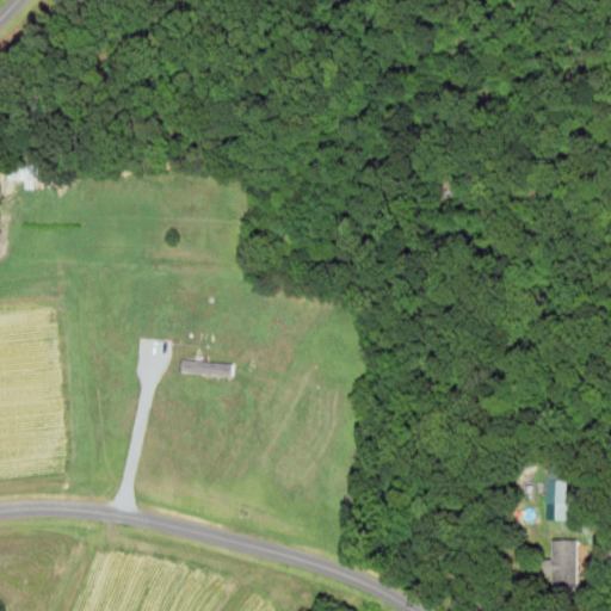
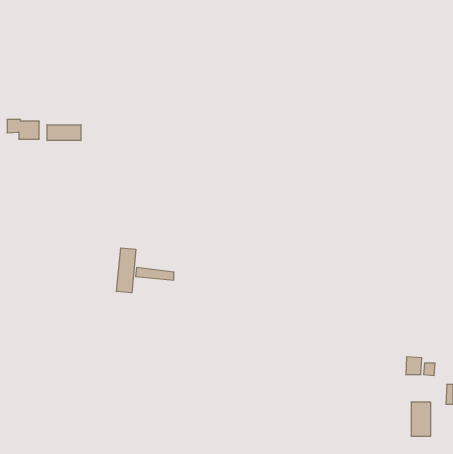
building: none -> [47,125,81,141]
building: none -> [117,248,136,293]

